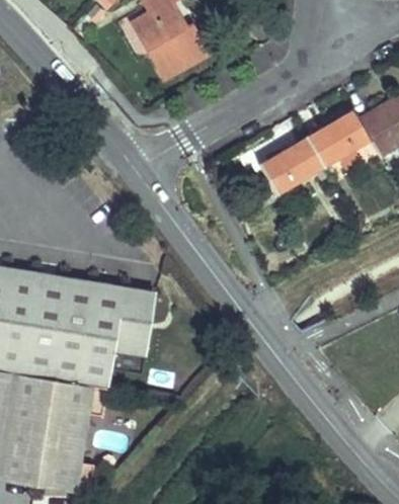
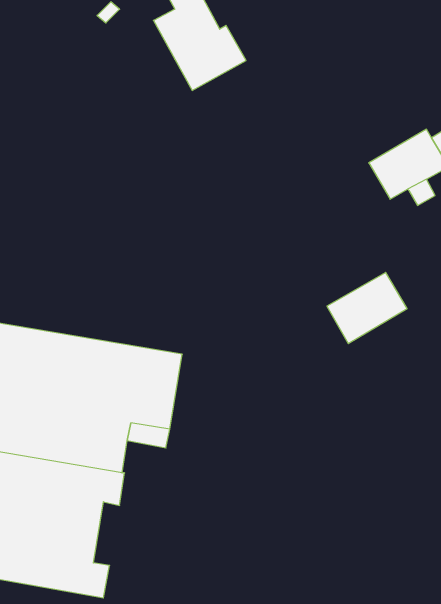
building: [258,138,323,195] -> [327,272,407,344]

